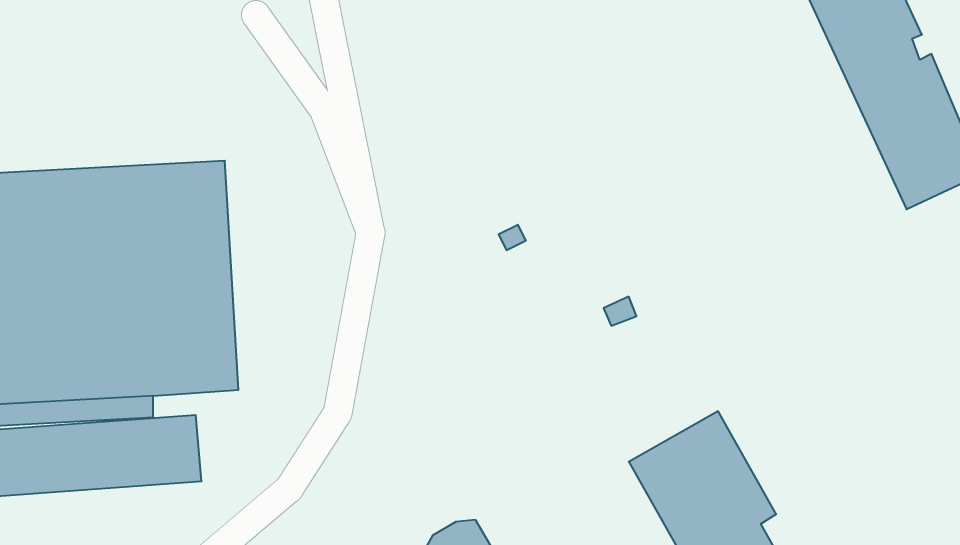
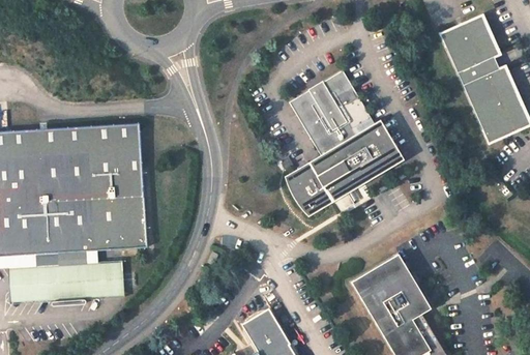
building: none -> [286,71,401,214]

